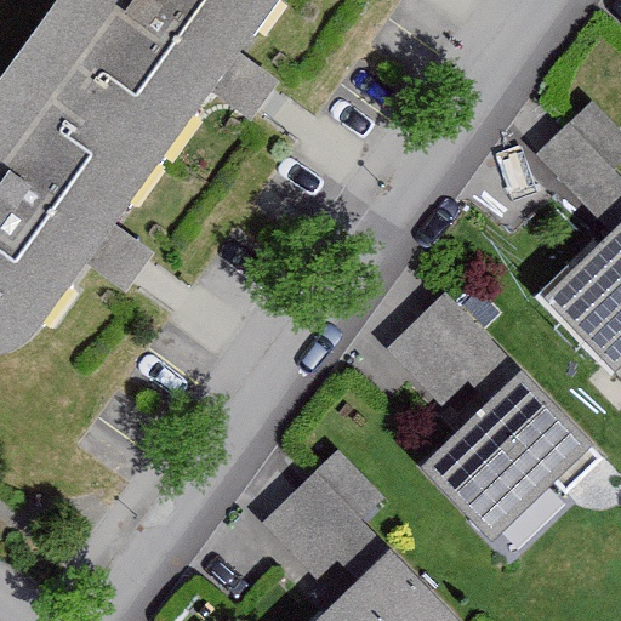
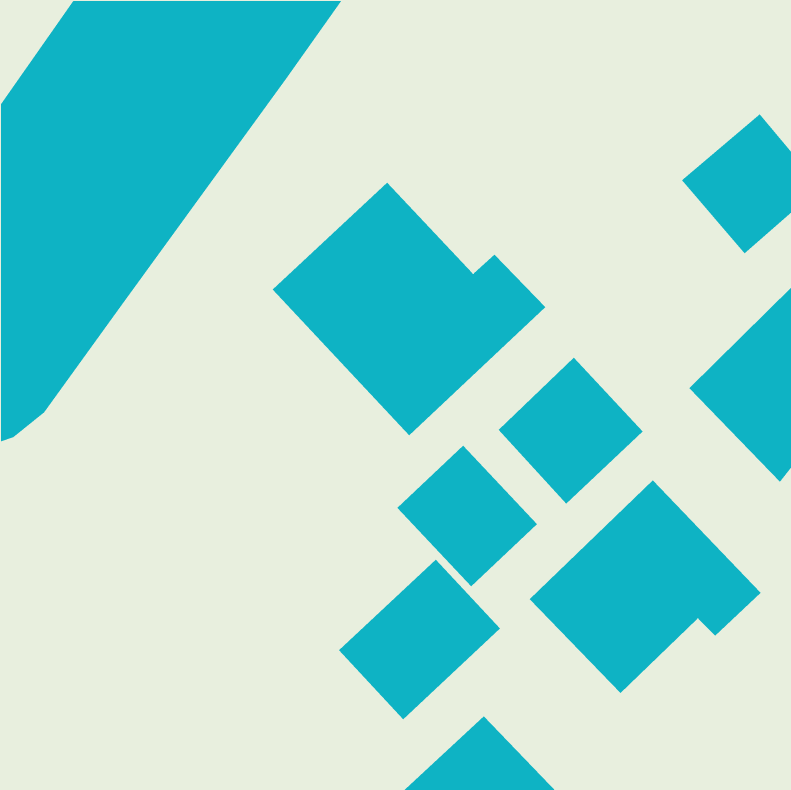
building: none -> [272,182,546,436]
building: none -> [396,445,538,587]

